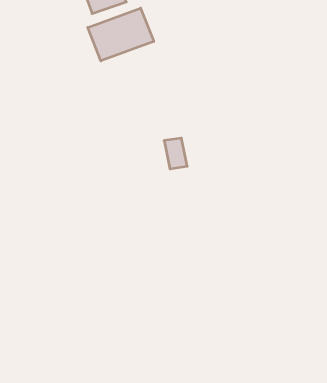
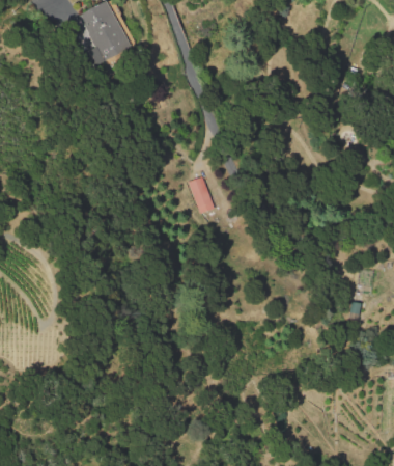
building: [88,8,154,61] -> none

